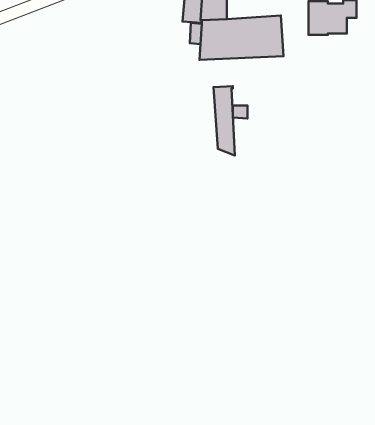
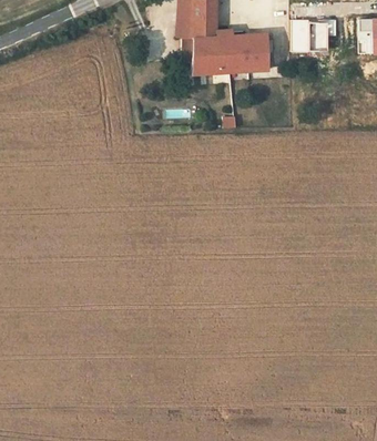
building: [214,86,235,156] -> none

